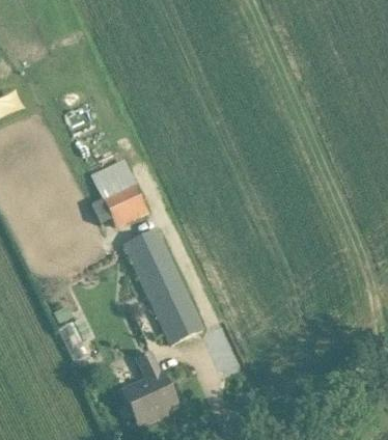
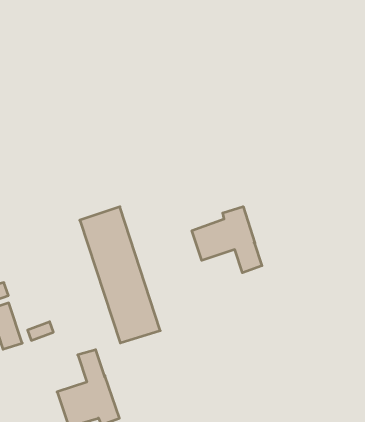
building: [90,160,148,226] -> none
building: none -> [192,207,262,273]

